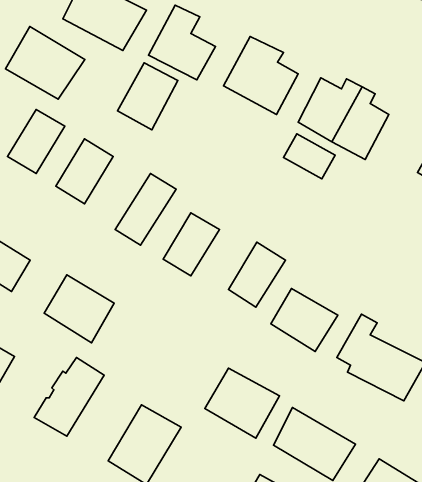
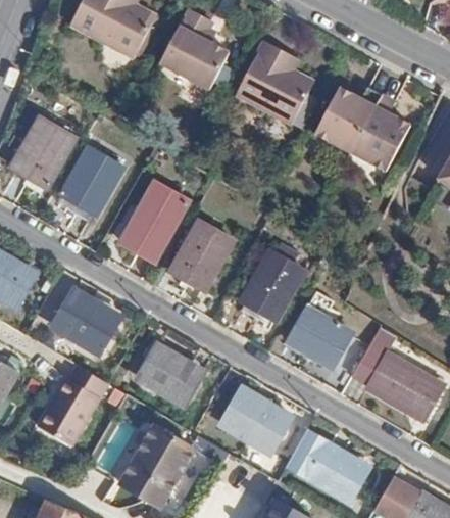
building: [5,26,85,99] -> none
building: [117,63,178,130] -> none
building: [283,134,335,179] -> none
building: none -> [132,341,206,411]

